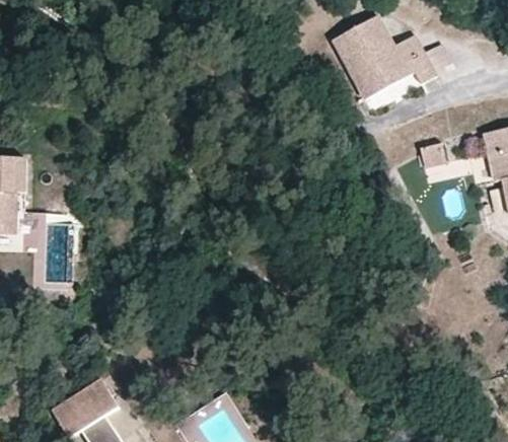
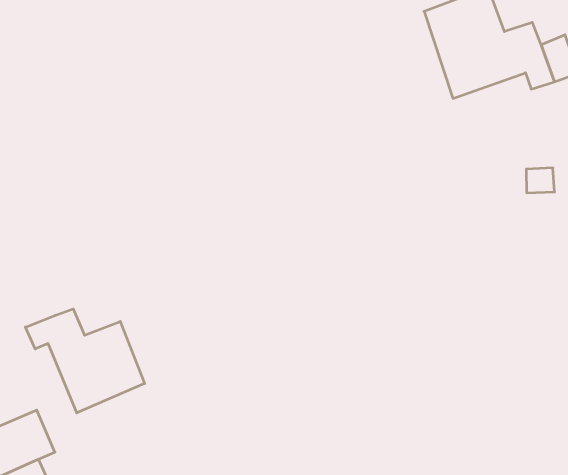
building: none -> [25,309,145,413]

